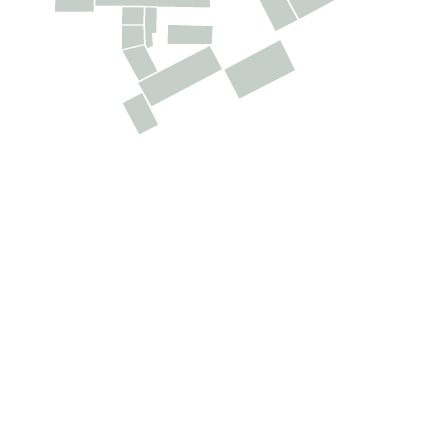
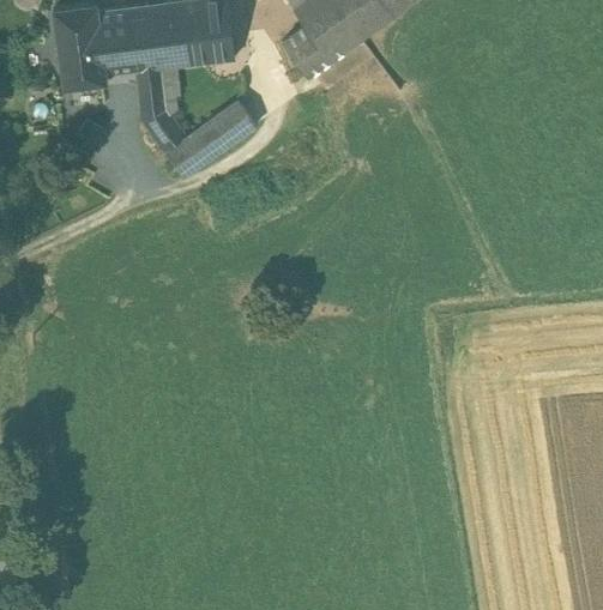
building: [167,24,213,45] -> none
building: [223,39,296,100] -> none
building: [122,92,159,135] -> none

